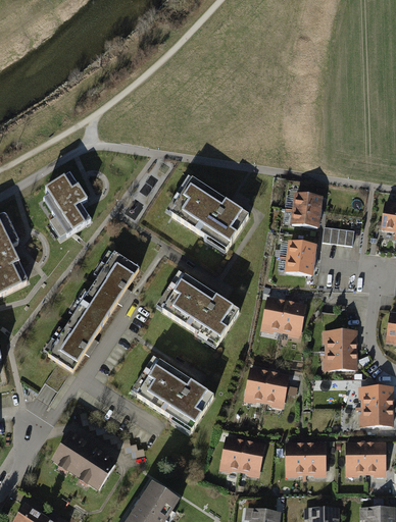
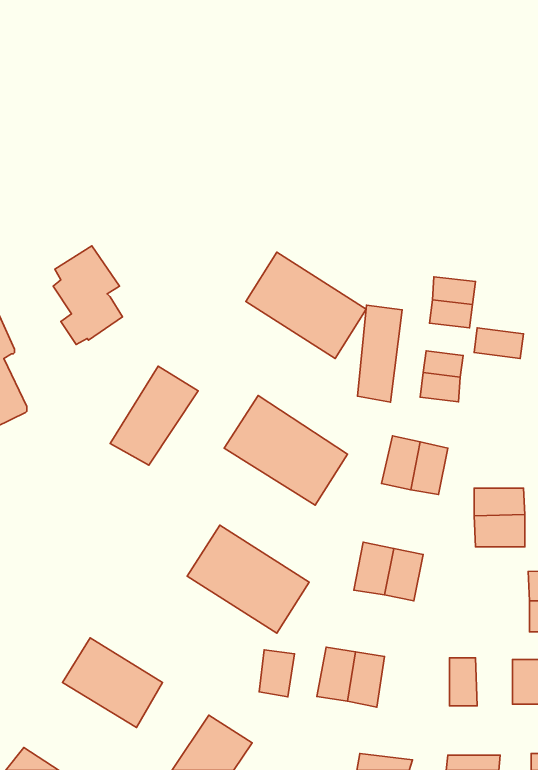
building: none -> [357,305,402,402]
building: [50,303,107,370] -> none
building: none -> [259,650,295,697]
building: [287,445,306,476] -> none

